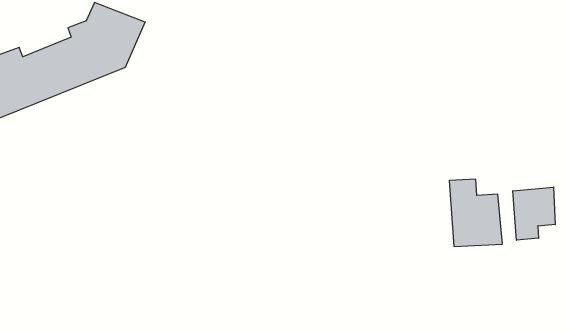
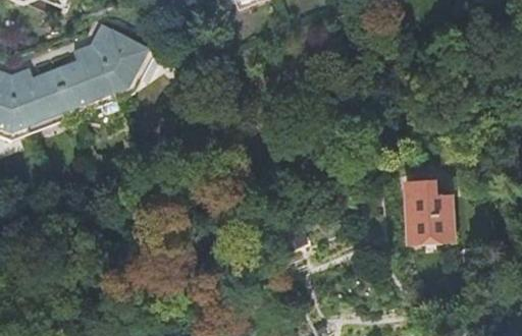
building: [513,187,555,240] -> none

